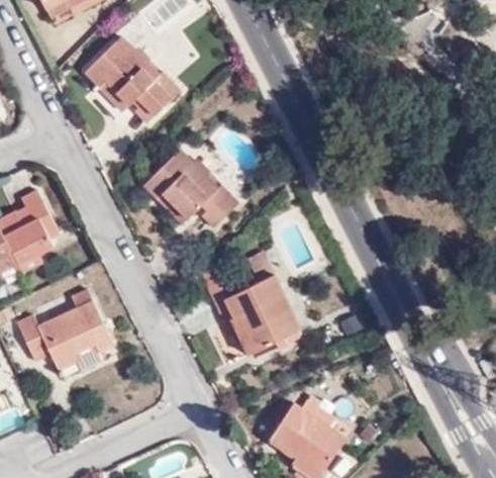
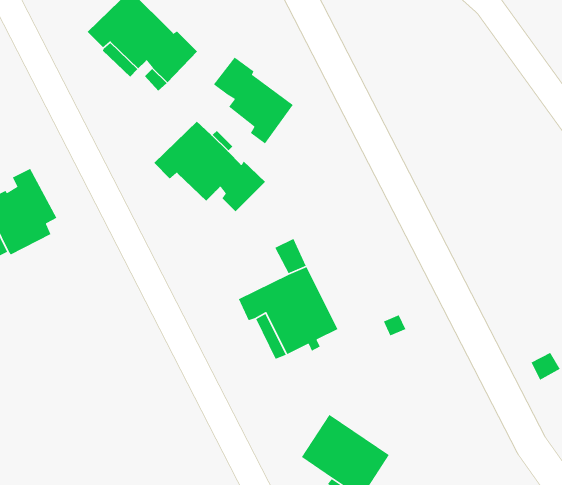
building: none -> [213,56,294,145]
building: [15,289,113,372] -> none

